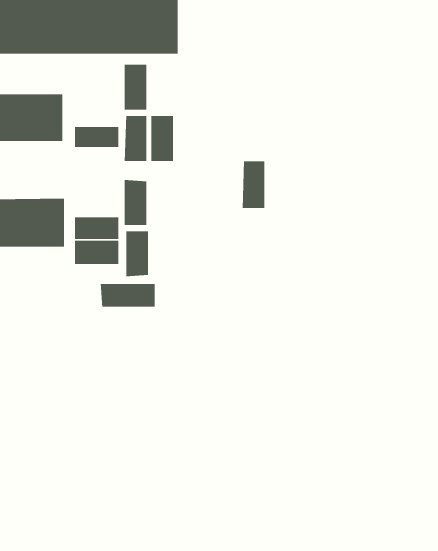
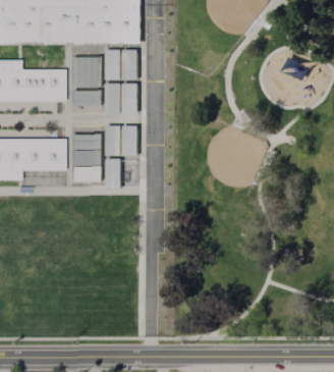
building: none -> [121,51,136,82]
building: none -> [70,58,100,89]
building: [242,161,265,209] -> [121,126,136,158]
building: none -> [71,136,101,151]
building: [100,283,156,307] -> none

